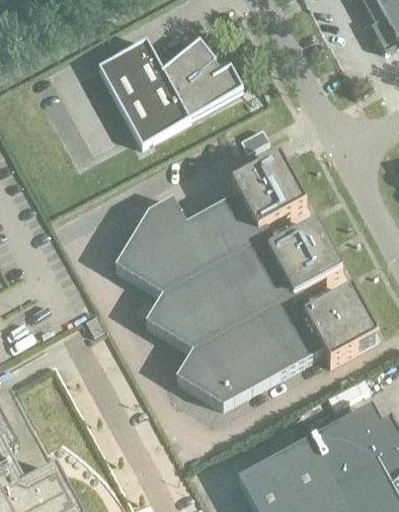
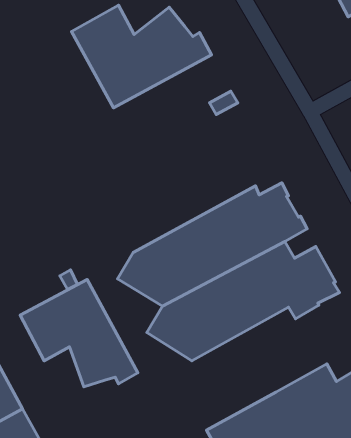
building: [113,158,305,293] -> none
building: none -> [20,280,138,387]

